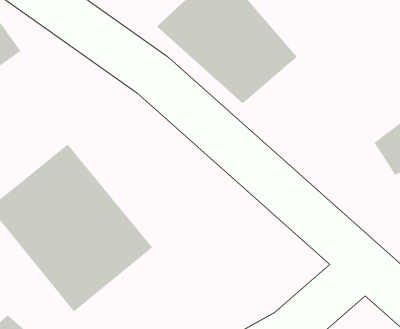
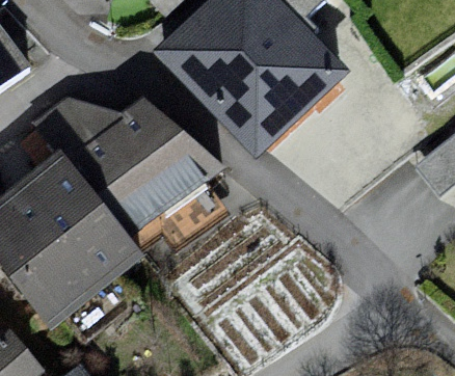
building: none -> [39,98,217,230]

